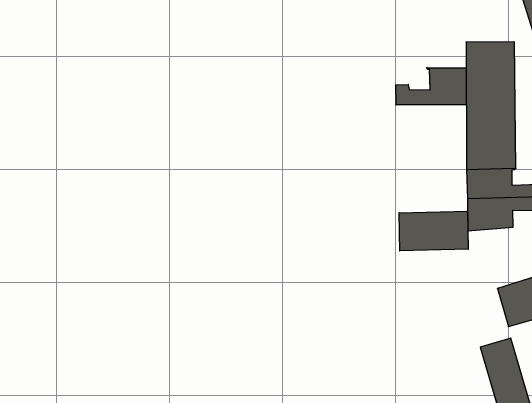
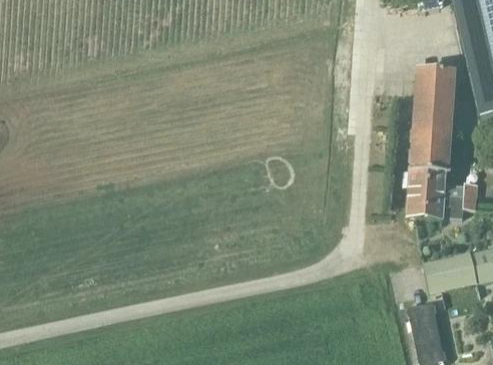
building: [396,68,466,105] -> none
building: [399,211,468,251] -> none

